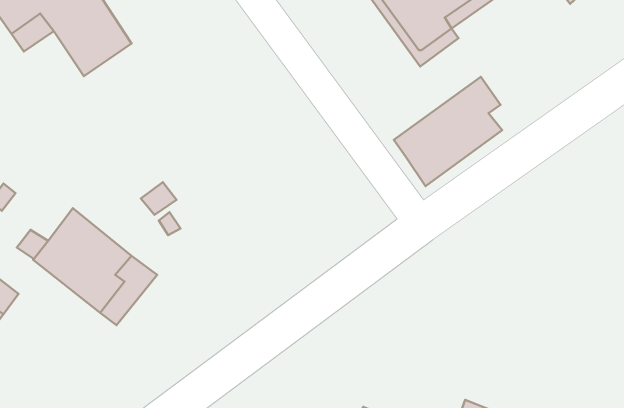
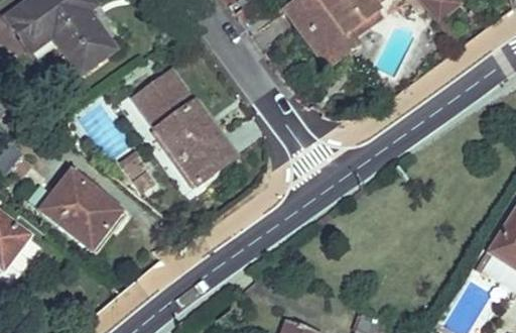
building: none -> [133,69,234,185]
building: [394,77,502,186] -> none

